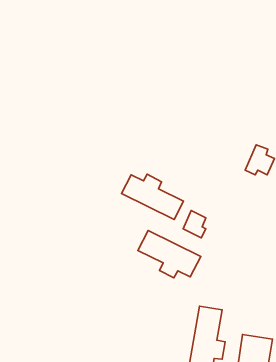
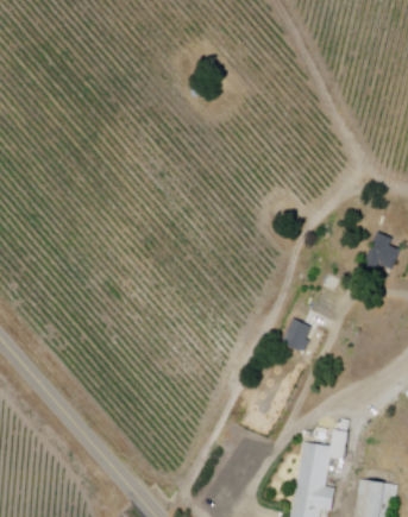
building: [122,174,184,220] -> none
building: [138,230,201,278] -> none

